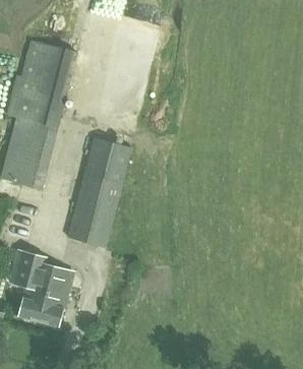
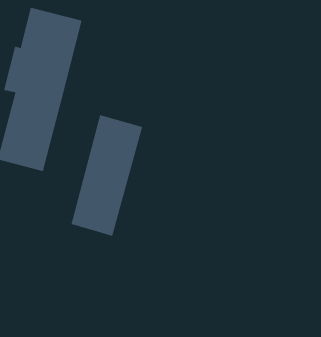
building: [11,251,75,328] -> none

